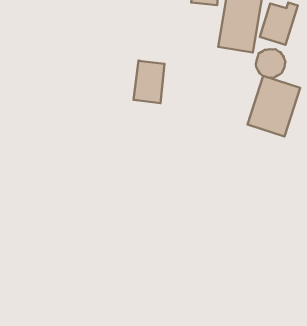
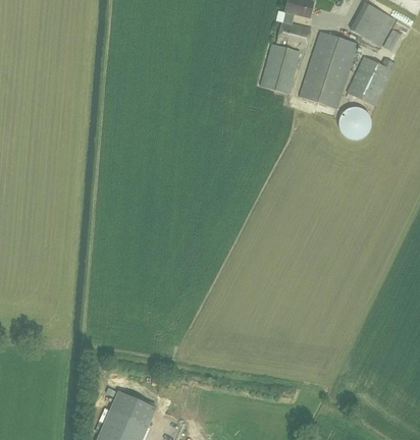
building: [134,61,165,103] -> [259,43,300,94]
building: [248,76,300,136] -> none

